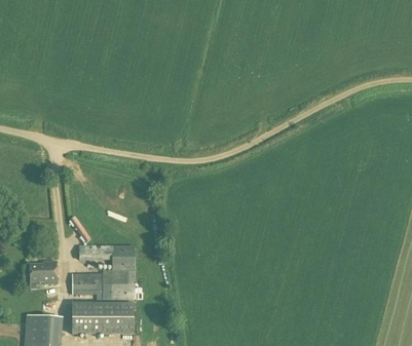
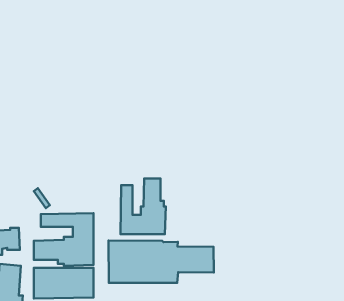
building: none -> [120,179,166,234]
building: none -> [108,241,214,283]

